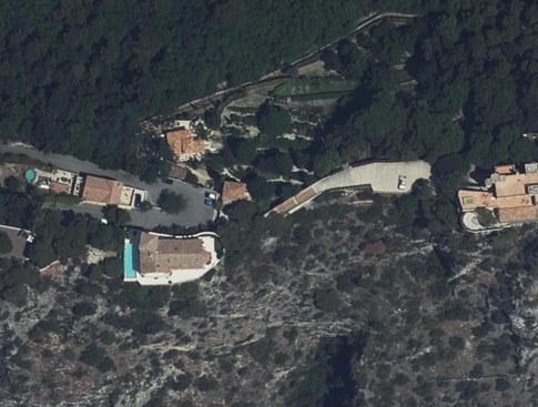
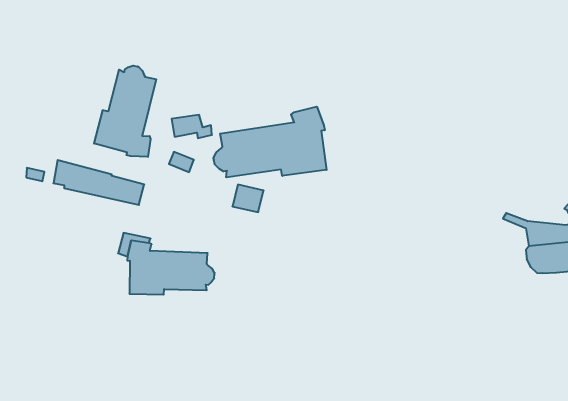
building: none -> [94,66,156,157]
building: none -> [214,107,327,177]

